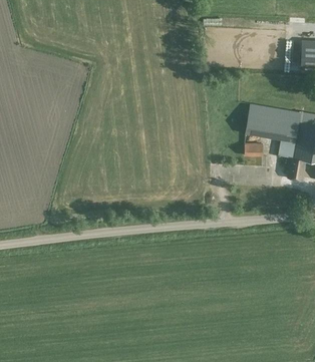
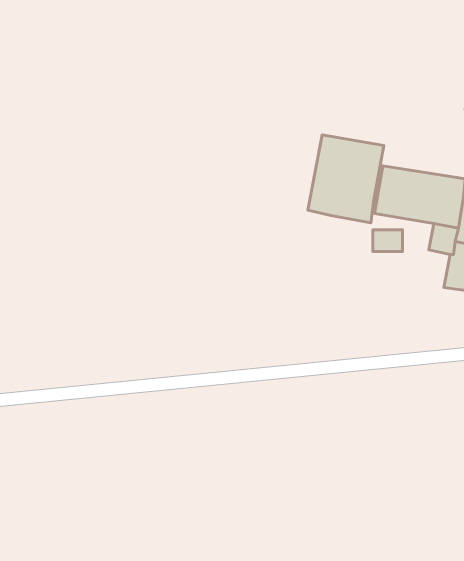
building: none -> [308,135,384,223]

